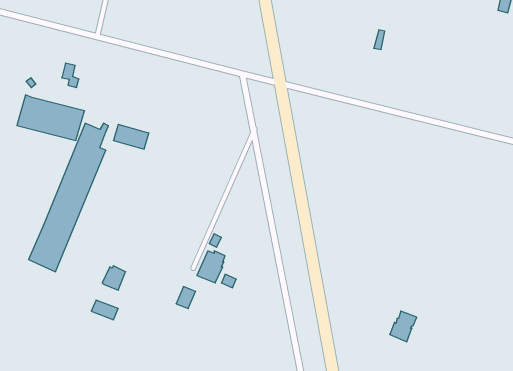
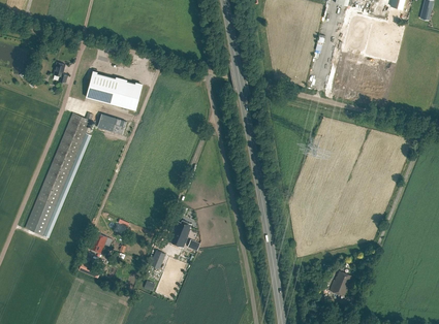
building: [17,95,85,140] -> [86,71,143,109]

